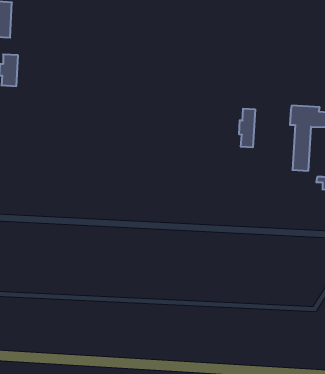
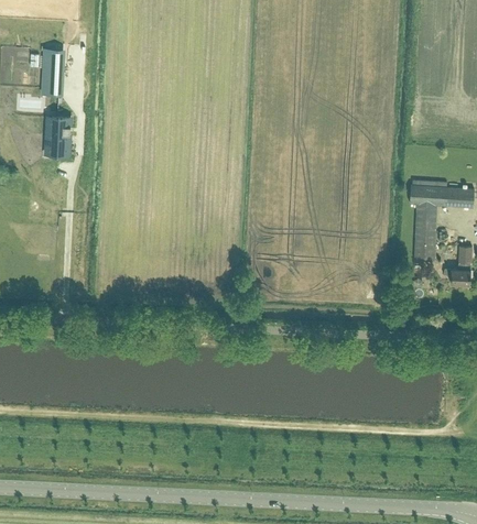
building: [239,109,255,147] -> none

